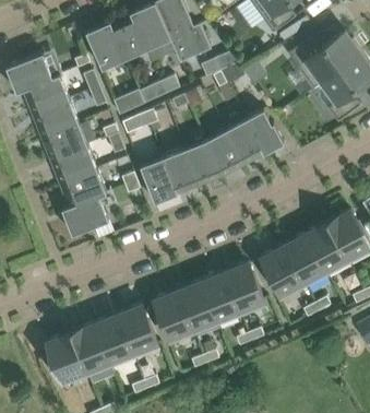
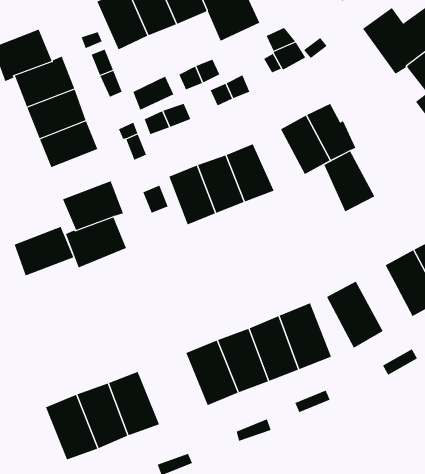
building: [205,129,244,176] -> [323,150,375,212]
building: [51,144,97,182] -> [14,226,74,276]
building: [284,233,326,283] -> none
building: [118,304,158,354] -> none

